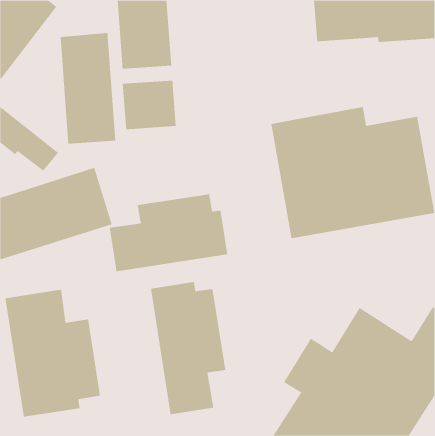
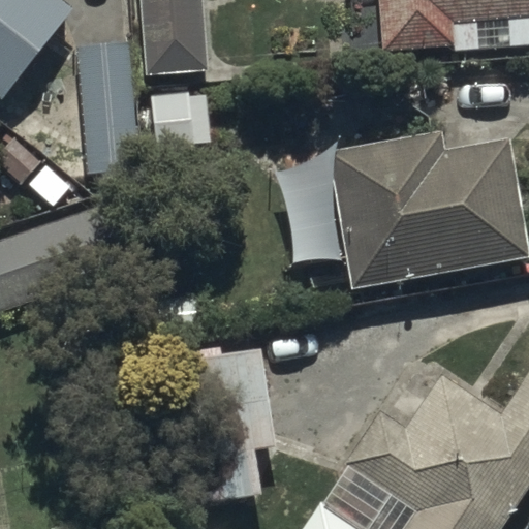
building: [109,193,228,272] -> none
building: [5,289,101,418] -> none

